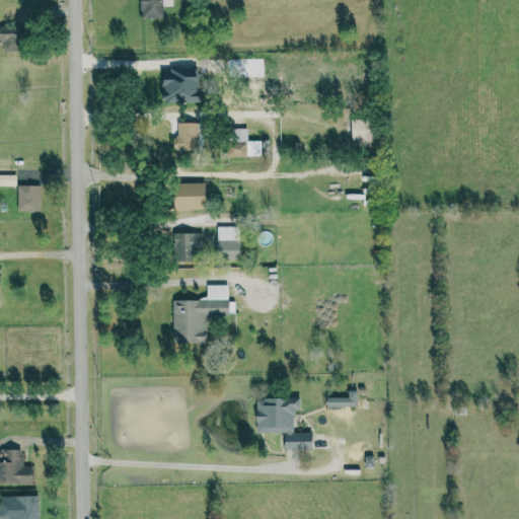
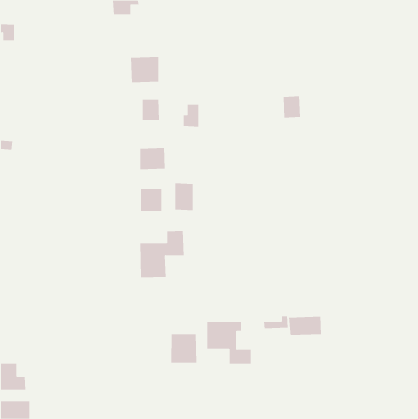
building: [18,186,42,211] -> none
building: none -> [289,316,321,336]
building: none -> [171,334,197,363]

